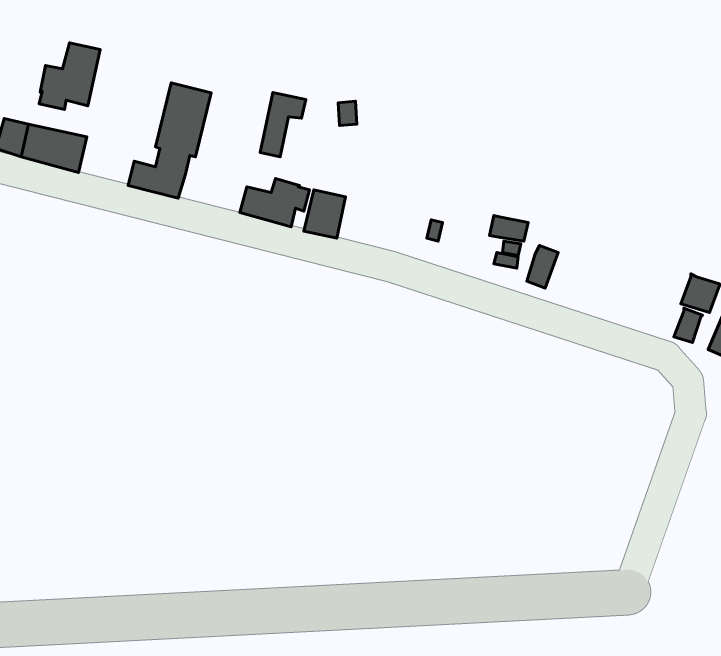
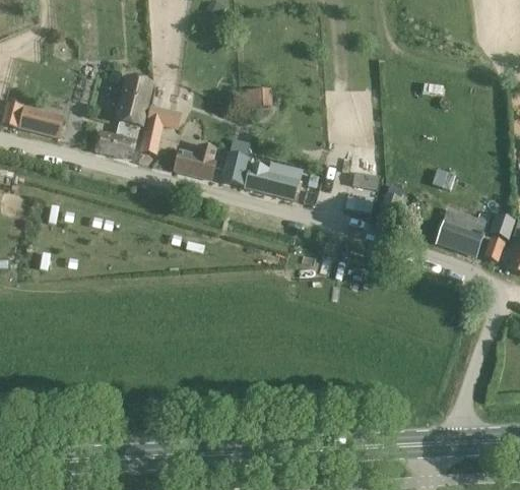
building: [39,43,100,110] -> none
building: [260,92,306,157] -> [142,106,175,151]
building: none -> [247,164,301,199]
building: none -> [438,221,484,254]

